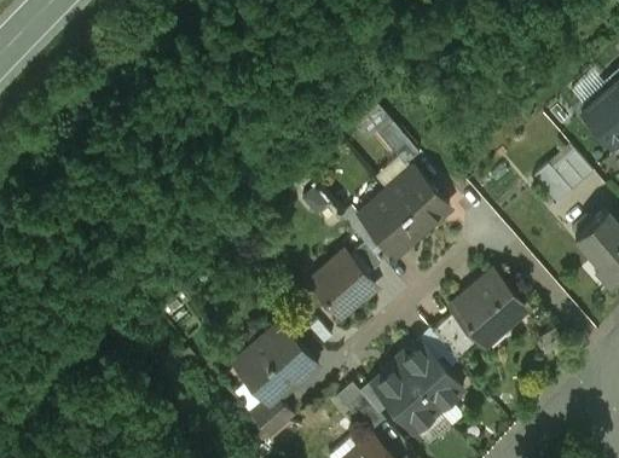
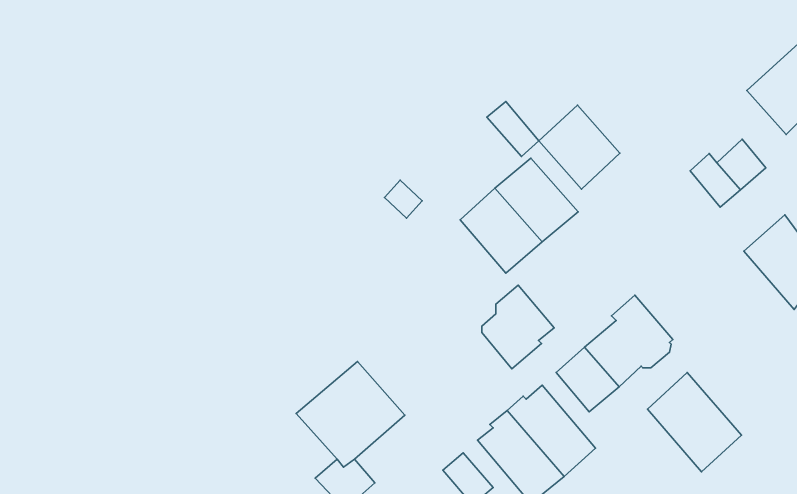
building: none -> [539,105,620,189]
building: [316,251,371,315] -> [482,285,554,369]
building: none -> [647,373,741,472]

